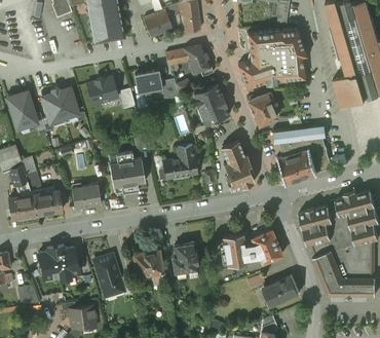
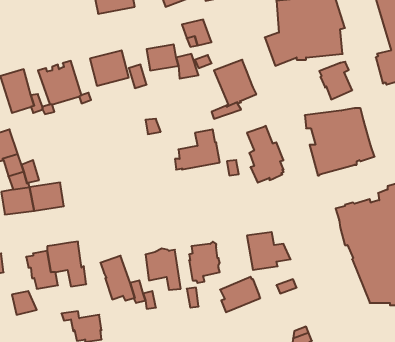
building: [184,46,214,77] -> none
building: [249,93,277,126] -> [319,62,352,99]
building: [109,152,146,194] -> none
building: [72,184,102,209] -> none
building: [252,230,282,264] -> none
building: [264,276,299,307] -> [220,277,260,312]

